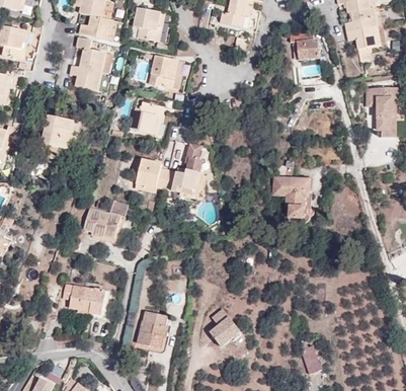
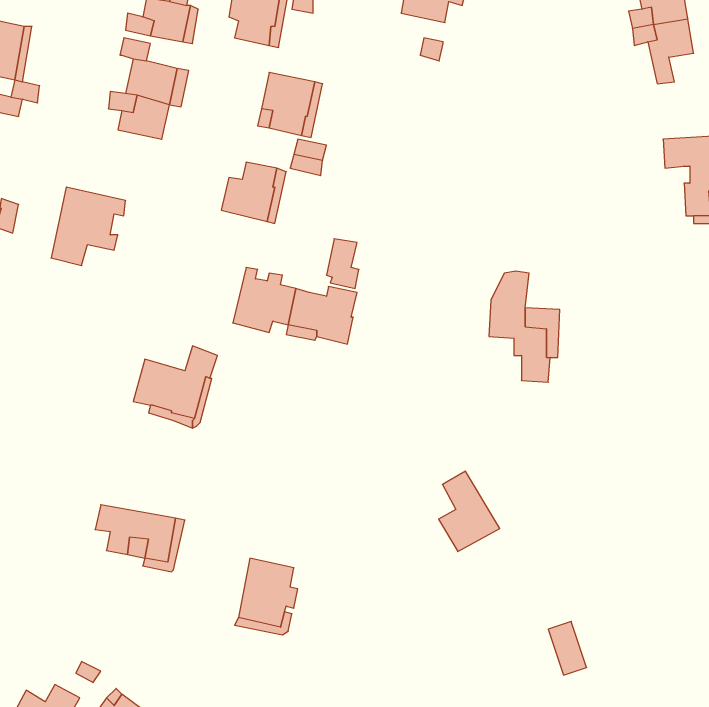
building: [289,31,318,58] -> none
building: [210,309,242,351] -> [439,471,500,552]

